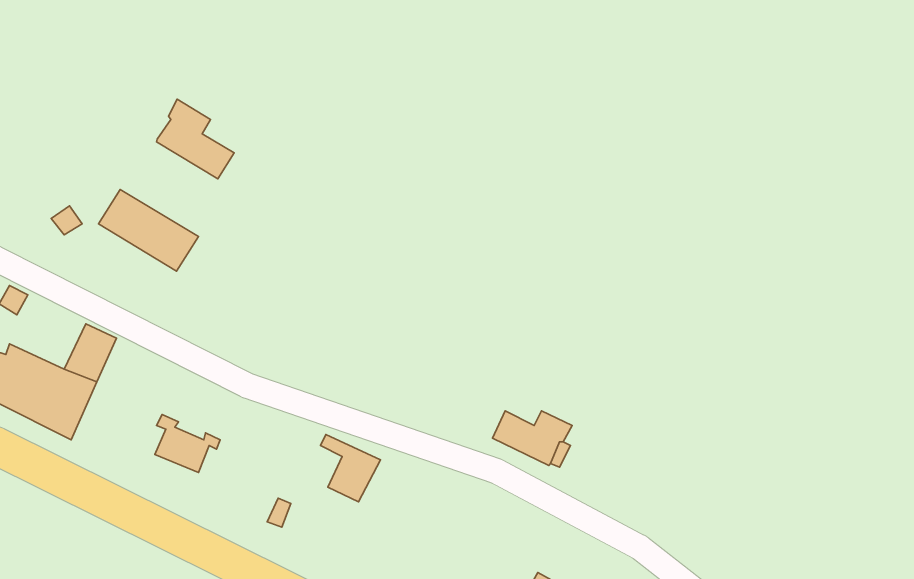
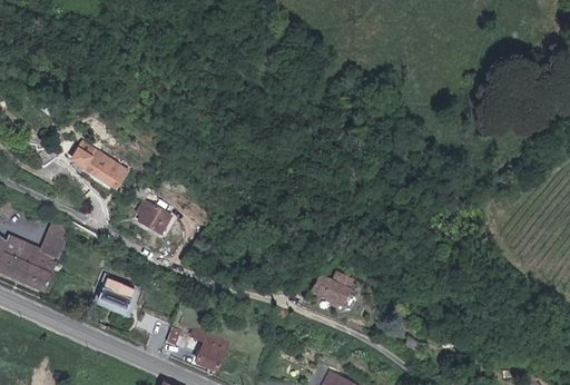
building: [157,99,234,179] -> none
building: none -> [135,200,169,234]
building: [320,435,380,502] -> [190,328,227,369]

